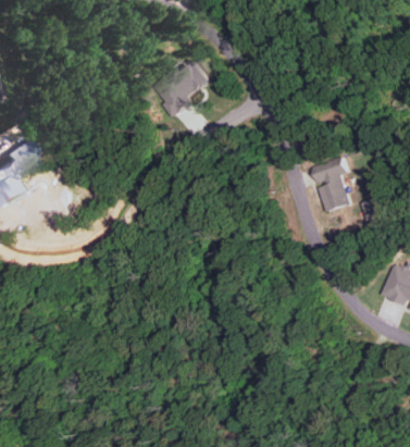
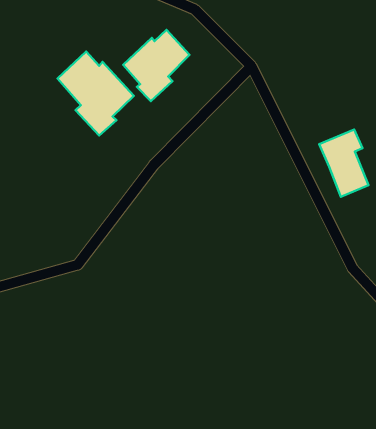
building: none -> [58,51,134,135]

